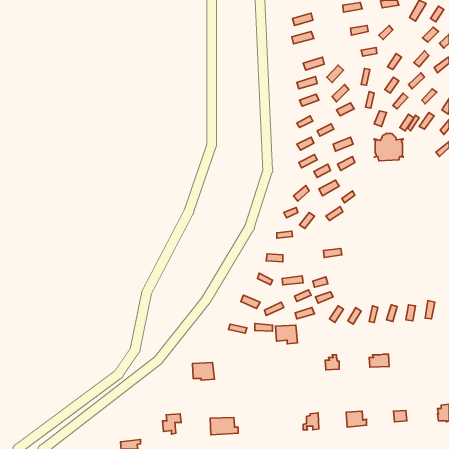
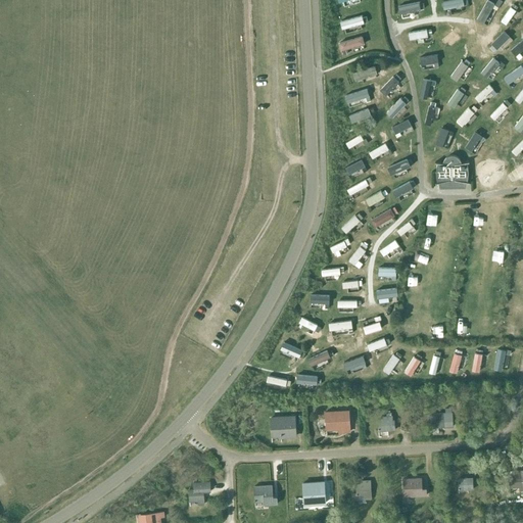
building: [276,325,298,344] -> [325,411,350,432]
building: [192,363,214,380] -> [271,417,296,437]
building: none -> [303,481,325,504]

